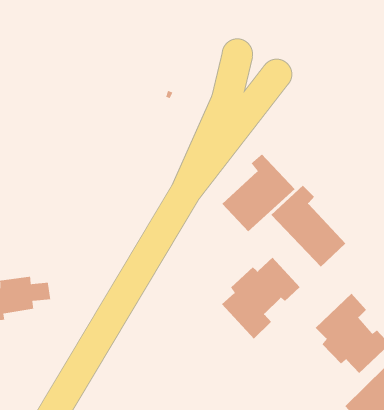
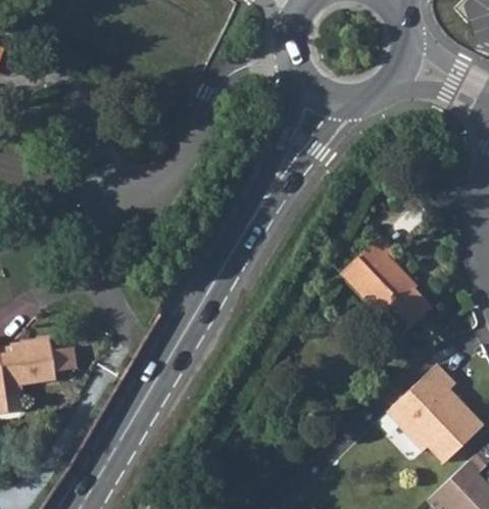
building: [222,154,295,232] -> none
building: [221,257,301,339] -> none

